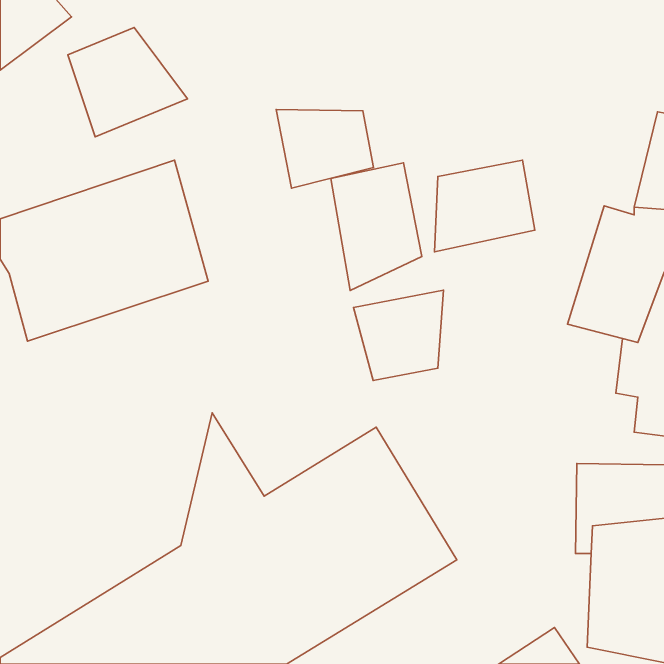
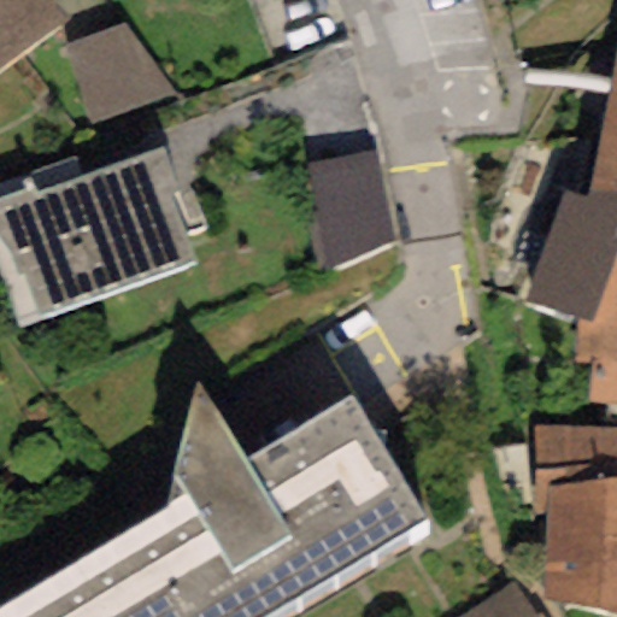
building: [276,109,374,188] -> none
building: [434,160,535,252] -> none
building: [354,290,443,381] -> none

